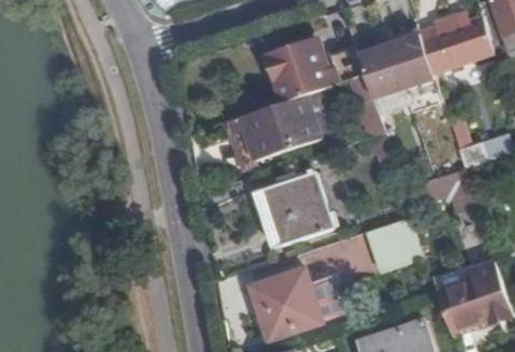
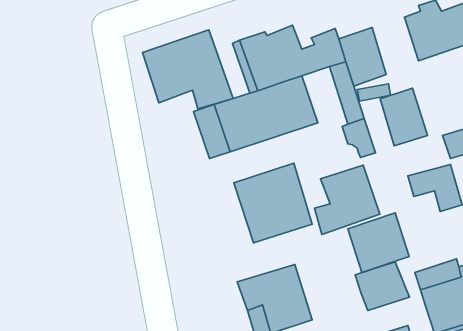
building: [390,31,435,86] -> [380,88,427,146]
building: none -> [142,30,233,109]
building: none -> [314,165,380,234]
building: none -> [355,262,409,311]

